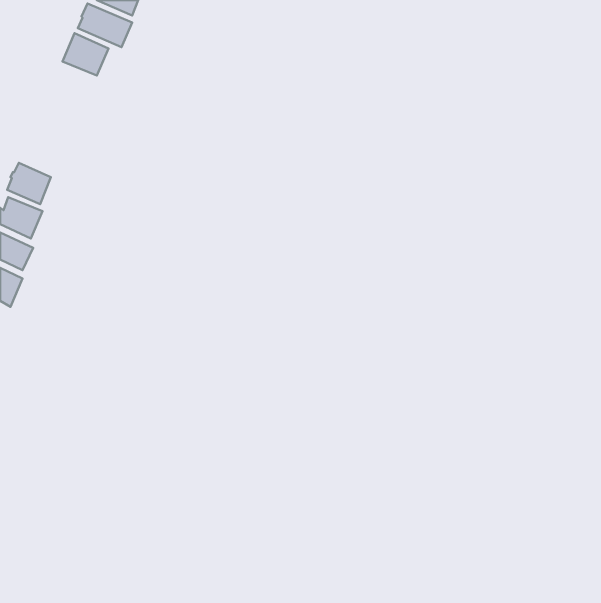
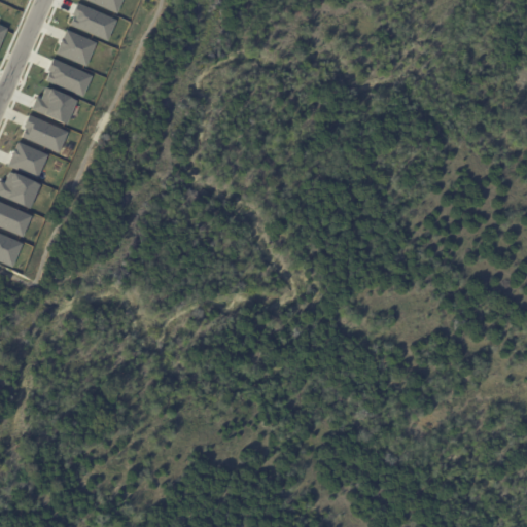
building: none -> [46,59,93,97]
building: none -> [32,86,77,125]
building: none -> [22,115,67,152]

